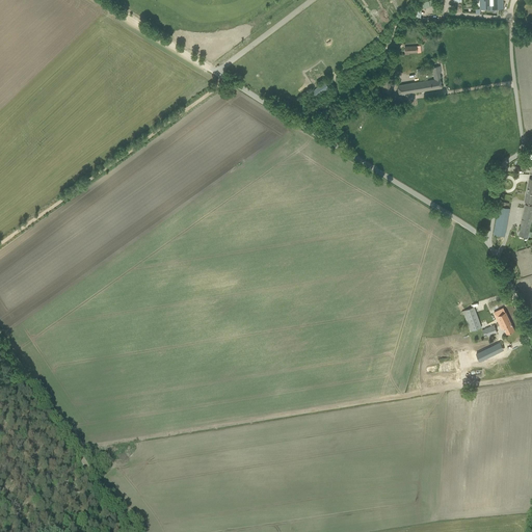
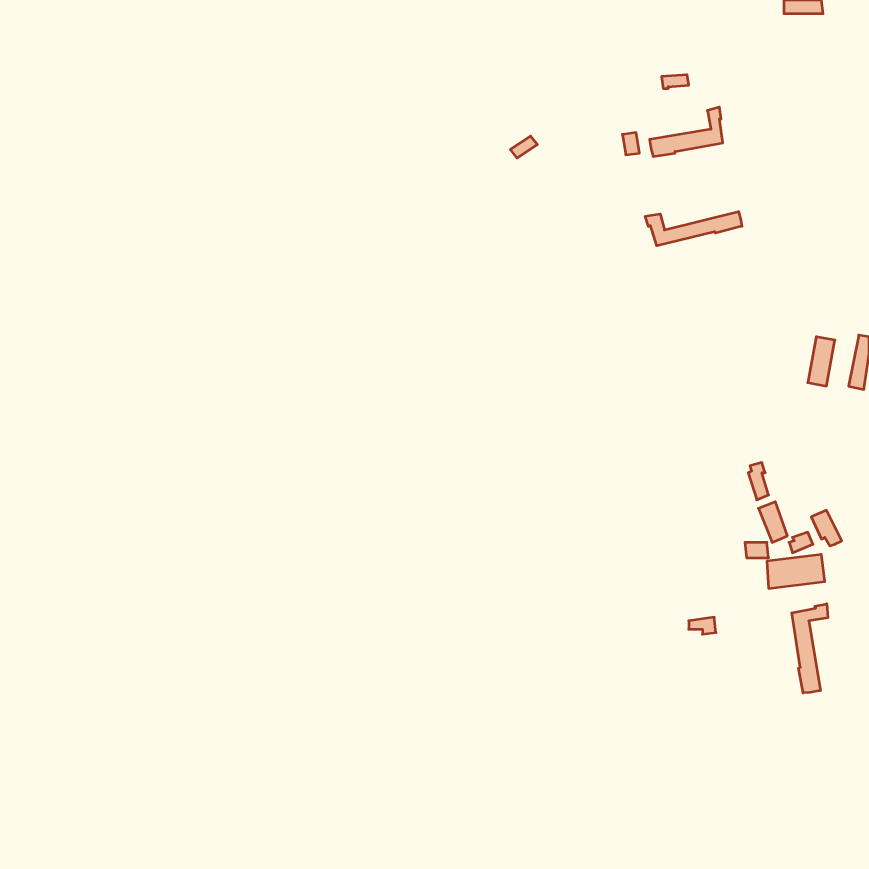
building: none -> [645,212,742,246]
building: none -> [792,604,828,693]

